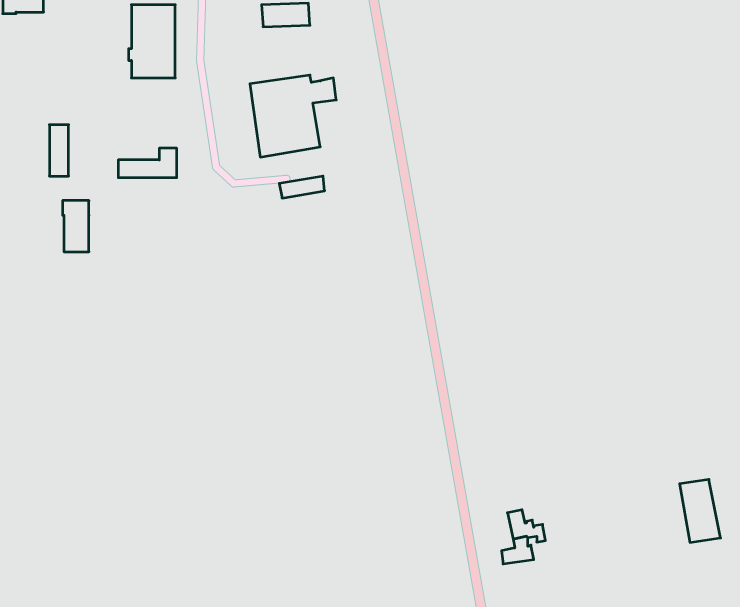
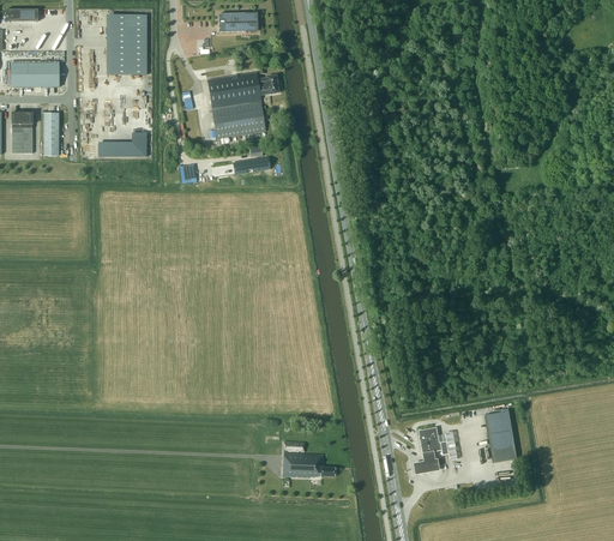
building: none -> [11,62,59,86]
building: [63,201,89,252] -> [11,112,32,154]
building: [680,479,721,542] -> [484,410,518,462]
building: none -> [283,440,335,477]

